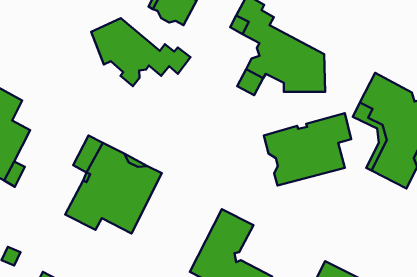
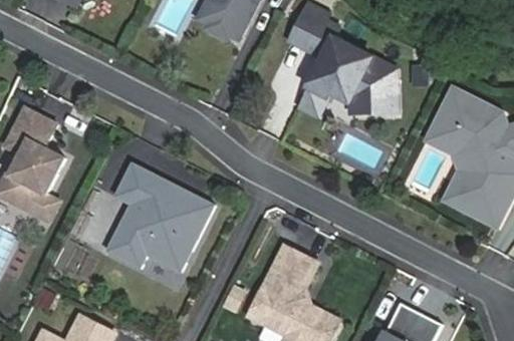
building: [91,18,191,86] -> none
building: [264,113,351,186] -> none

